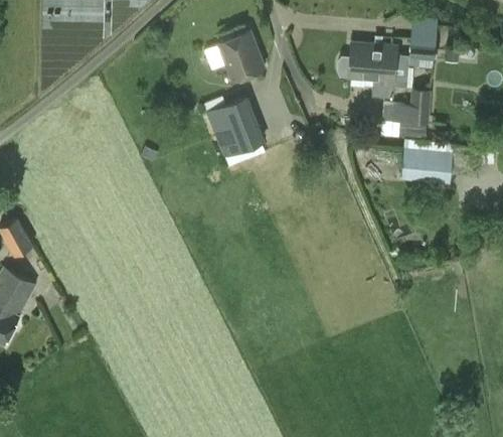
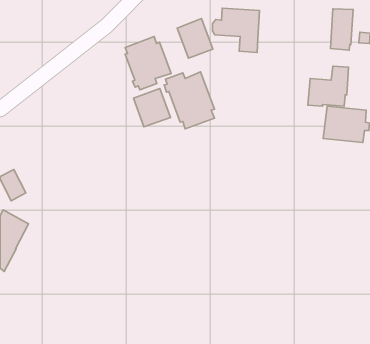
building: [338,42,396,98] -> [212,8,260,53]
building: none -> [125,36,171,90]
building: none -> [133,88,170,127]

